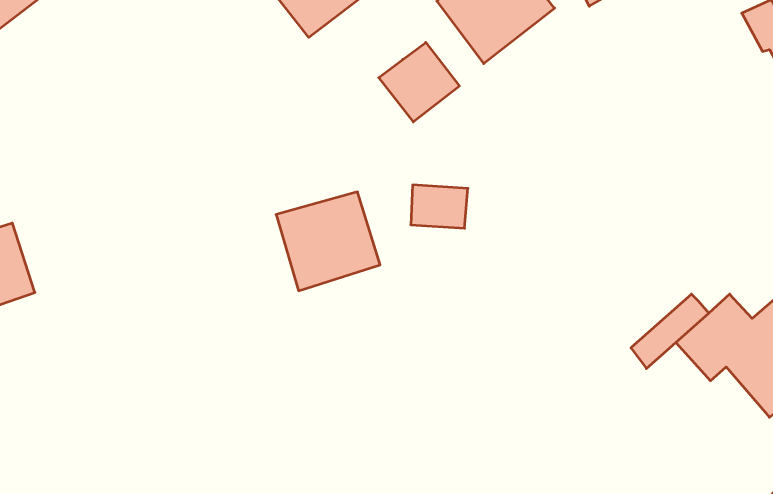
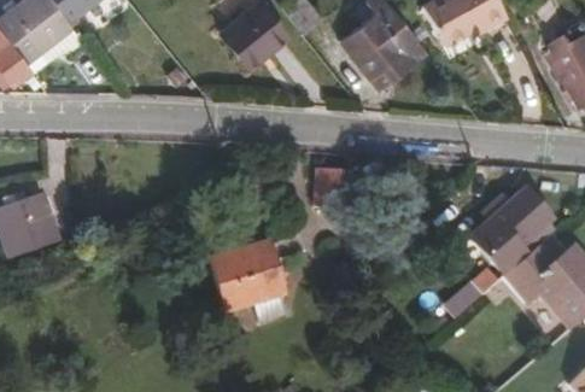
building: [379,42,459,122] -> none
building: [276,192,380,291] -> [211,242,283,311]
building: none -> [490,191,551,248]

